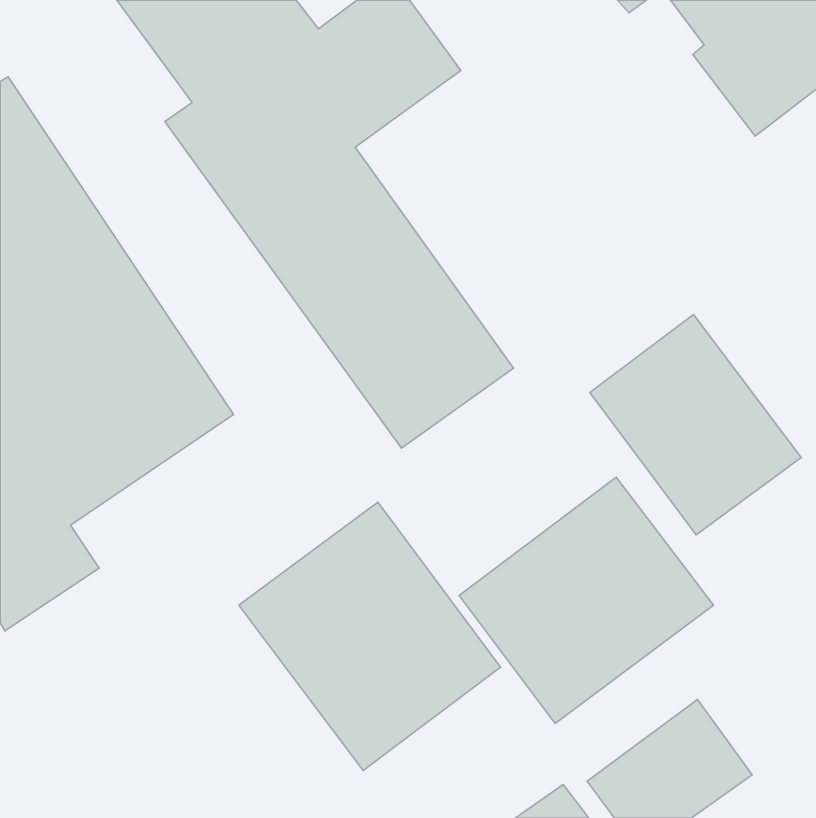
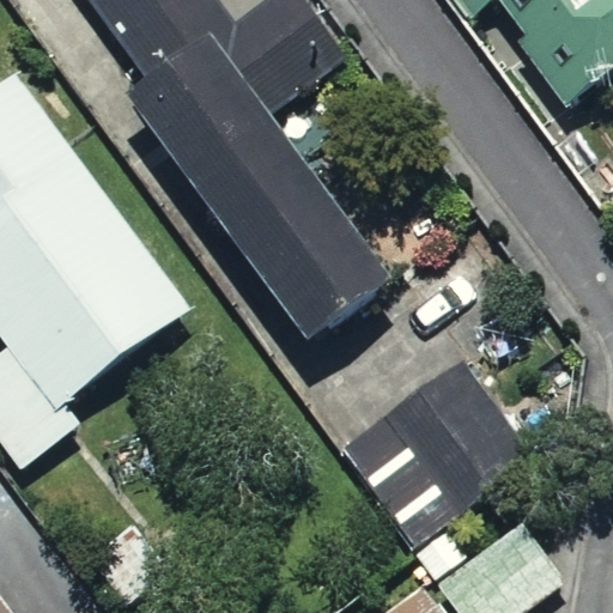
building: [590,315,801,535] -> none
building: [239,502,501,770] -> none

